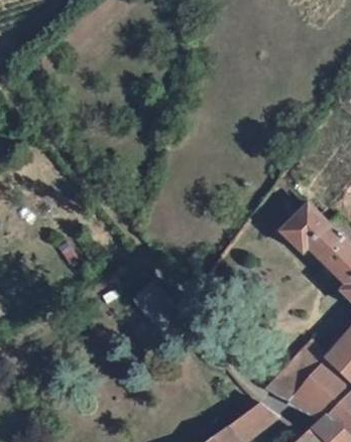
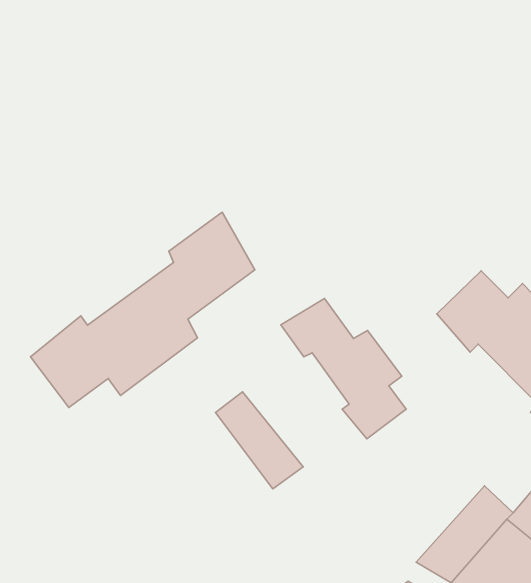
building: none -> [31,212,255,408]
building: none -> [281,298,406,439]

